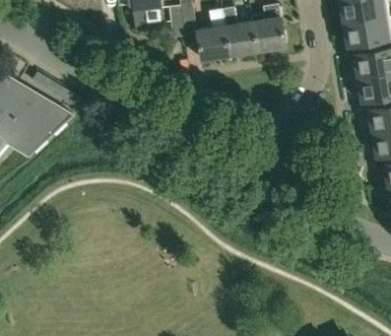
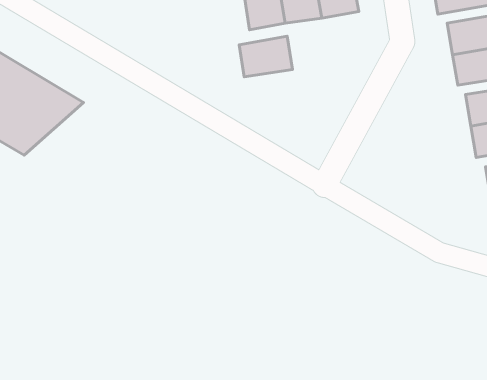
building: none -> [239,36,293,77]

